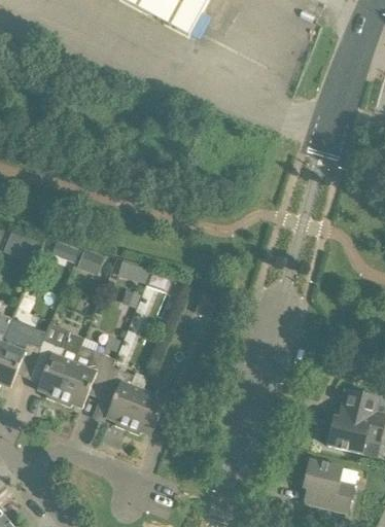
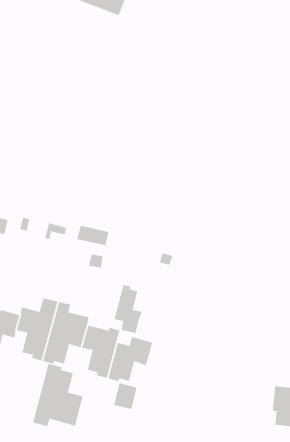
building: none -> [113,284,142,334]
building: none -> [32,363,83,427]
building: none -> [113,382,138,410]

